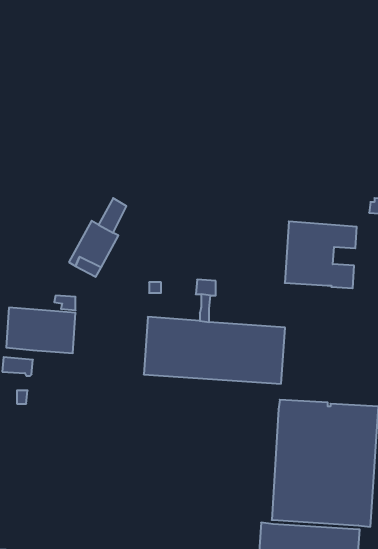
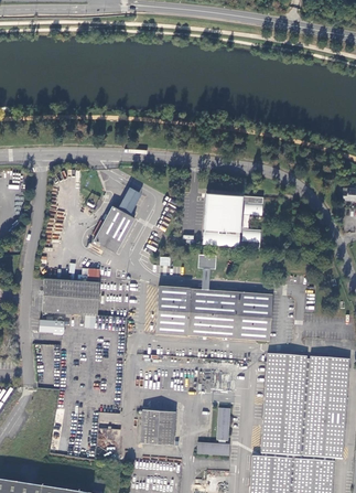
building: [285,221,357,288] -> [202,192,261,247]
building: none -> [196,407,229,454]
building: none -> [138,409,173,446]

